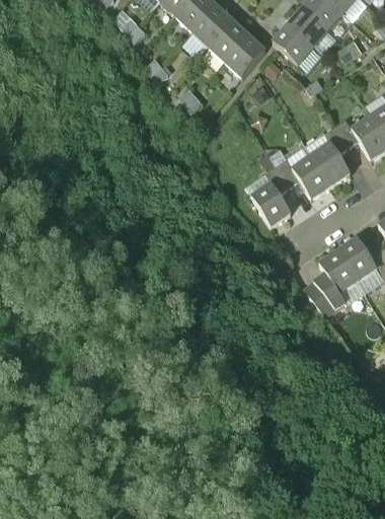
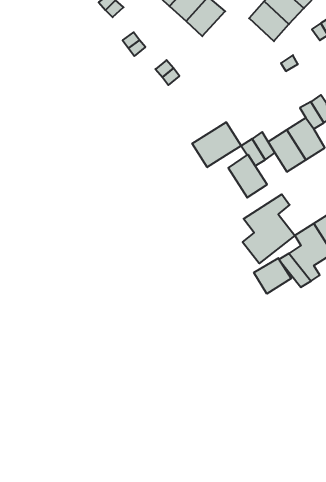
building: [225,33,265,74] -> none
building: none -> [192,122,241,167]
building: none -> [243,194,295,263]
building: none -> [254,258,291,294]

